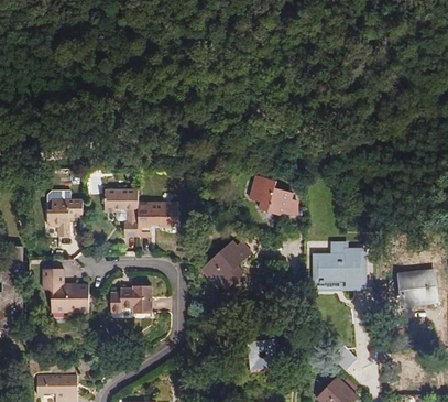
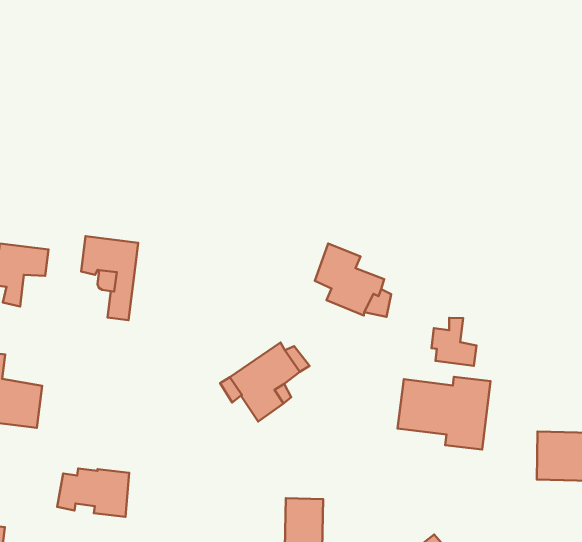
building: [138,200,178,237] -> none
building: none -> [431,318,476,366]
building: [110,285,153,313] -> [57,468,129,517]

